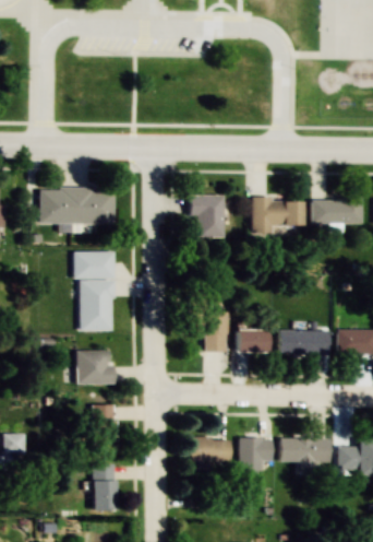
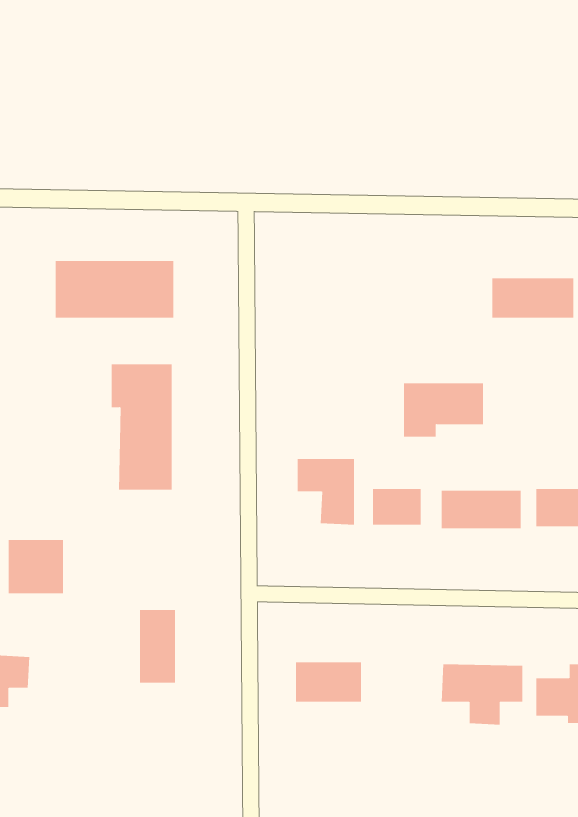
building: [189,195,224,237] -> none
building: [252,198,302,232] -> [403,383,484,437]
building: [76,350,111,384] -> [8,539,64,594]
building: [239,437,272,469] -> none
building: [93,463,115,509] -> none

